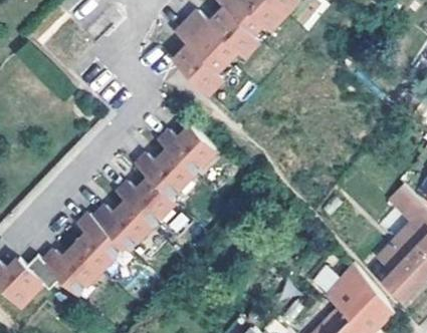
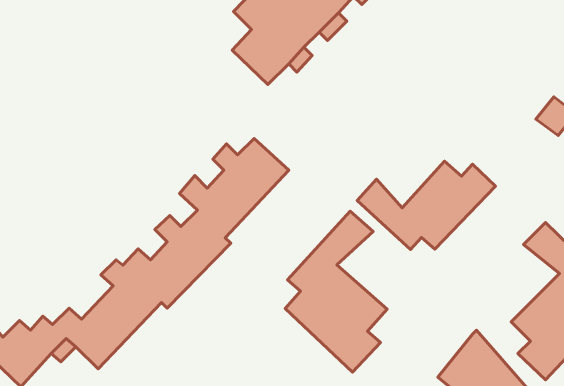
building: none -> [357,161,495,249]
building: none -> [285,211,387,372]

